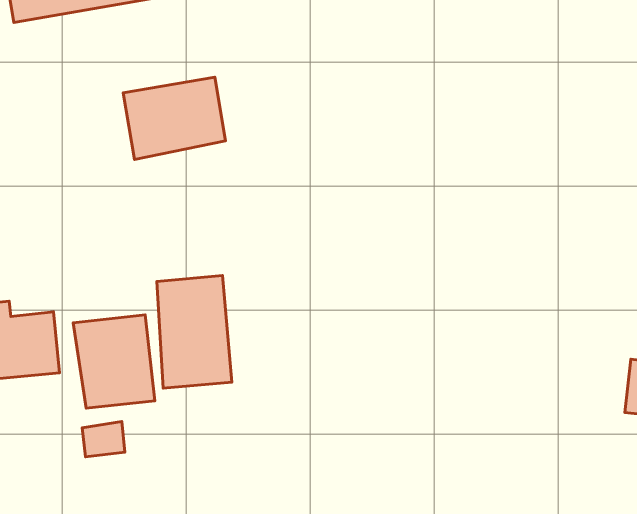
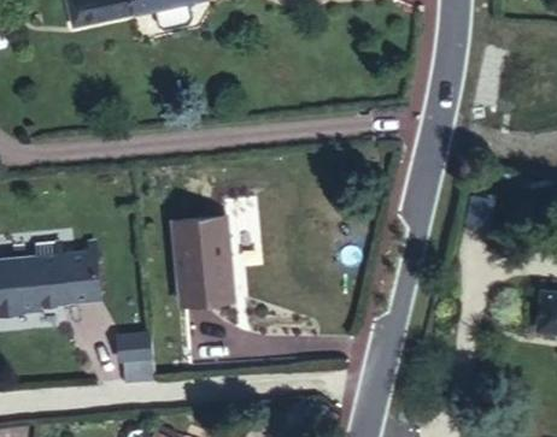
building: [123,77,225,160] -> none
building: [73,315,155,408] -> none

